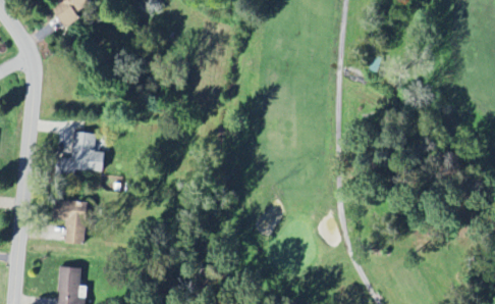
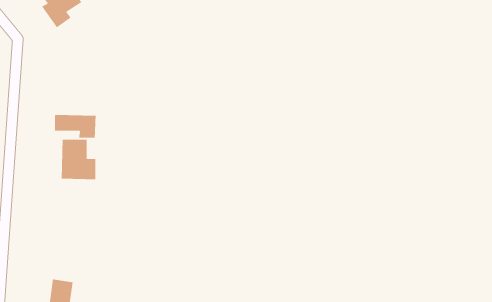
building: none -> [54,114,96,138]
building: [63,201,86,243] -> none

